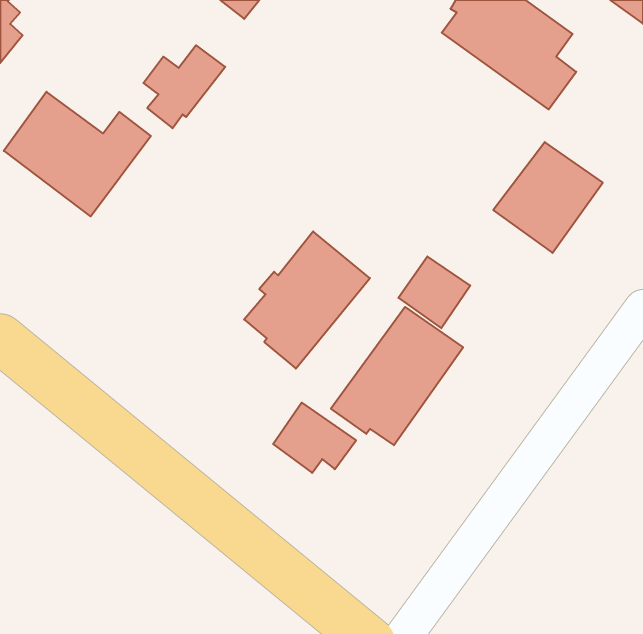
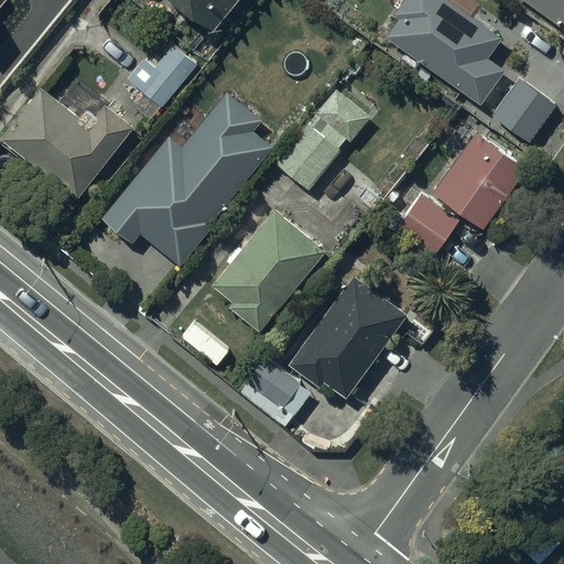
building: none -> [491,79,556,143]
building: none -> [274,91,369,189]
building: none -> [104,93,270,267]
building: [398,256,470,328] -> [394,196,457,259]

